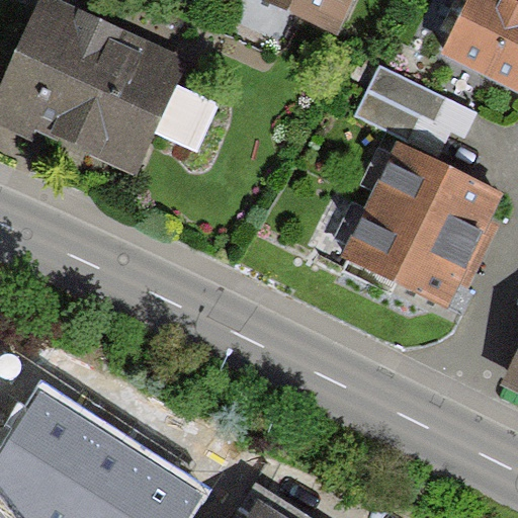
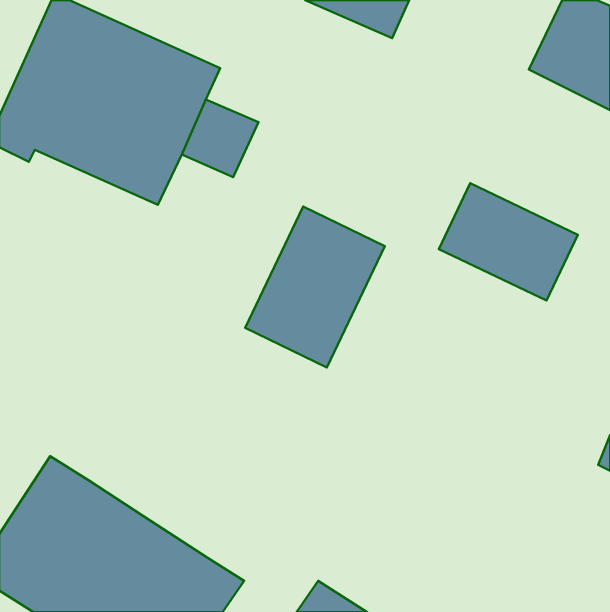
building: [356,66,471,155] -> none
building: none -> [245,207,385,367]
building: [347,210,462,305] -> none

